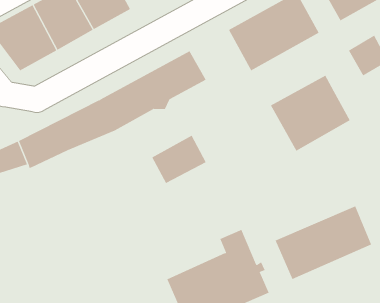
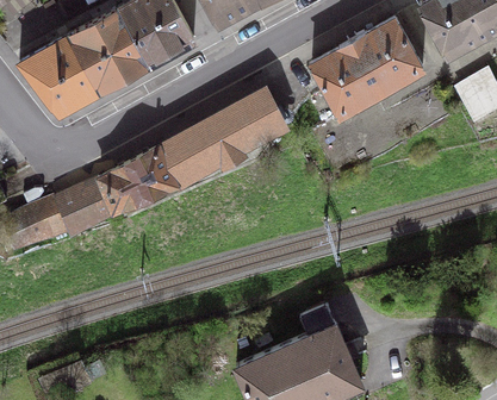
building: [270,75,351,151] -> none
building: [152,135,207,184] -> none
building: [275,205,372,280] -> none

